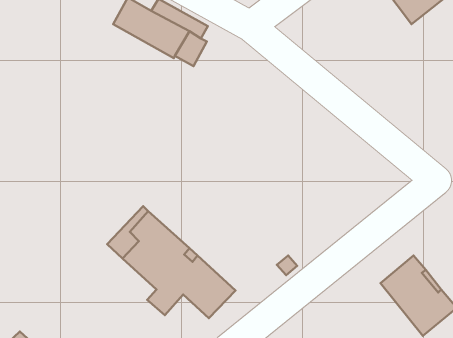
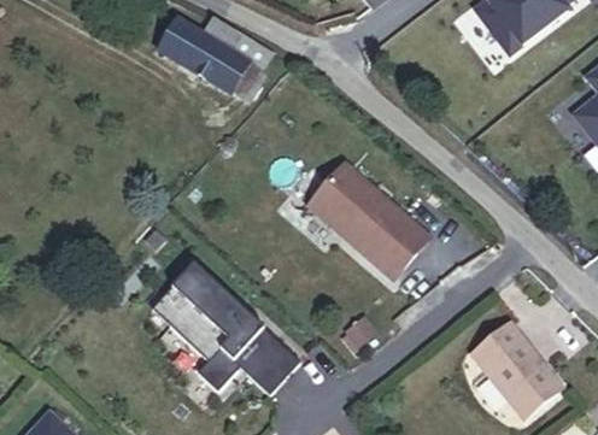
building: none -> [307,159,428,275]

